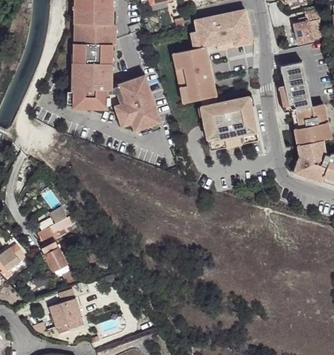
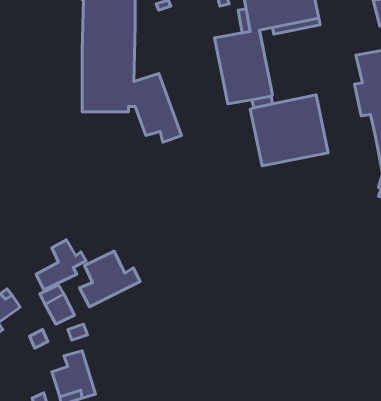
building: [131,75,161,135] -> none
building: none -> [80,251,140,307]

